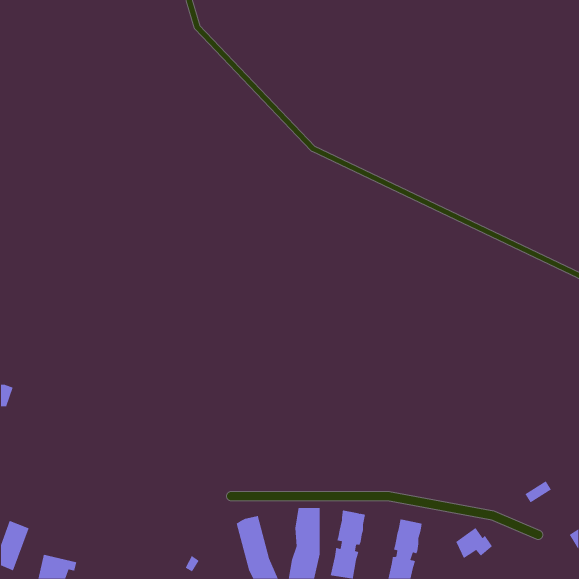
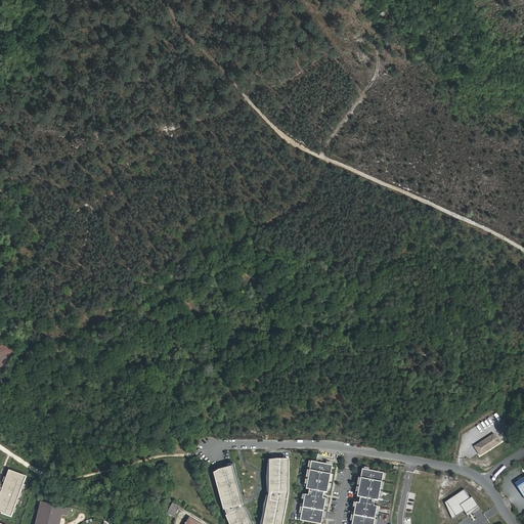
building: [456,527,493,559] -> [445,489,479,518]

